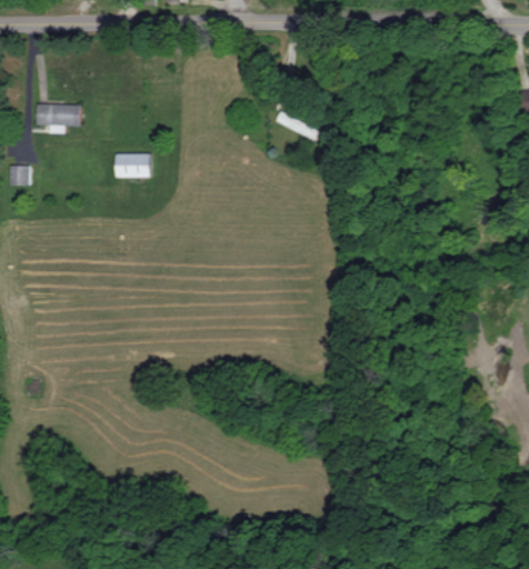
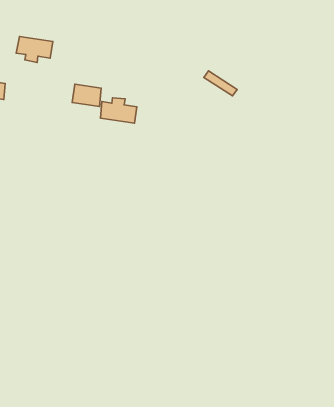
building: none -> [100,98,137,123]

